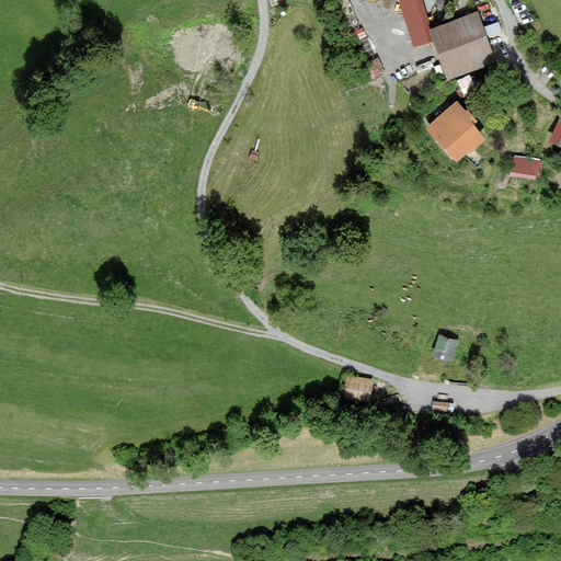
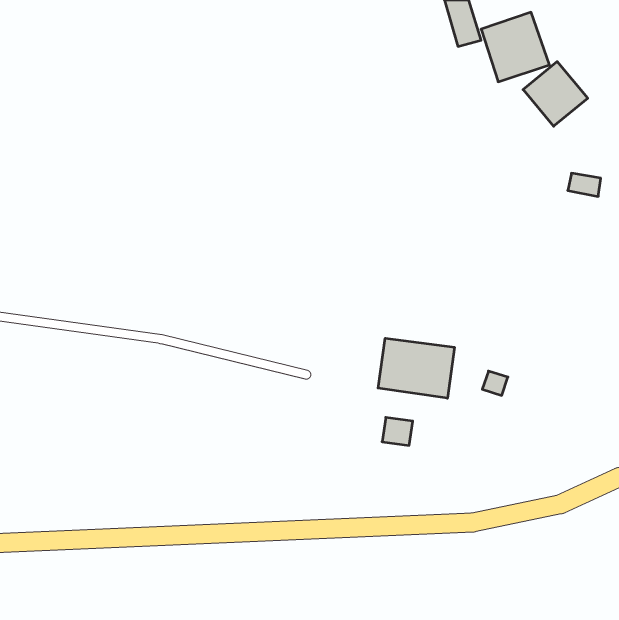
building: [427,100,485,158] -> [523,62,588,126]
building: none -> [378,338,454,398]

